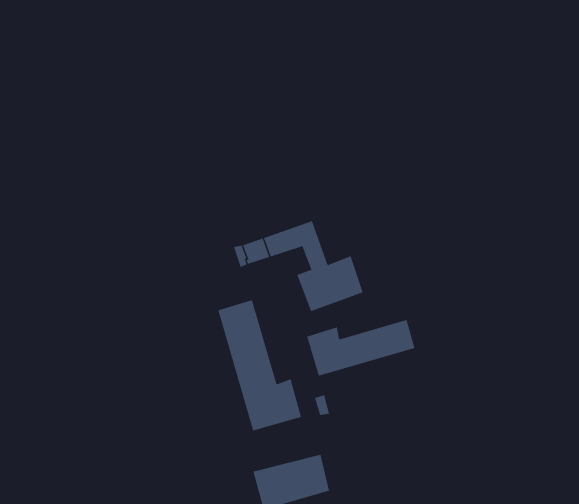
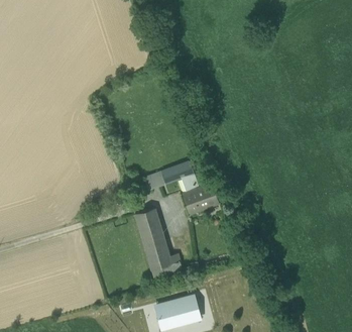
building: [307,319,415,376] -> none

